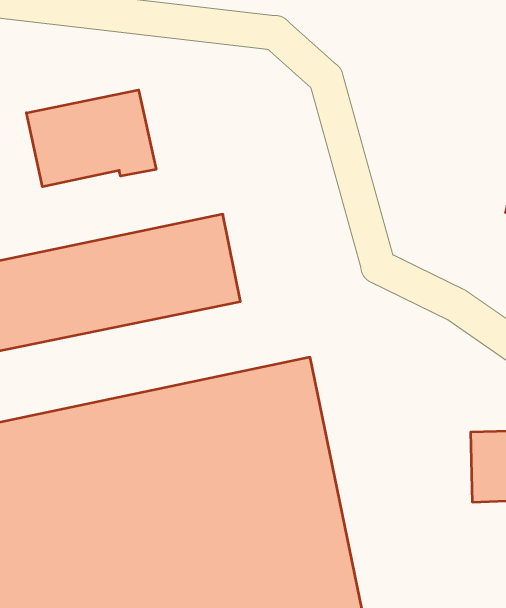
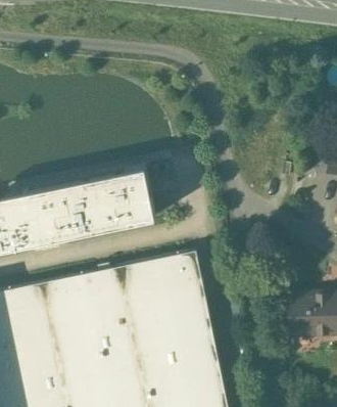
building: [26,90,156,187] -> none

